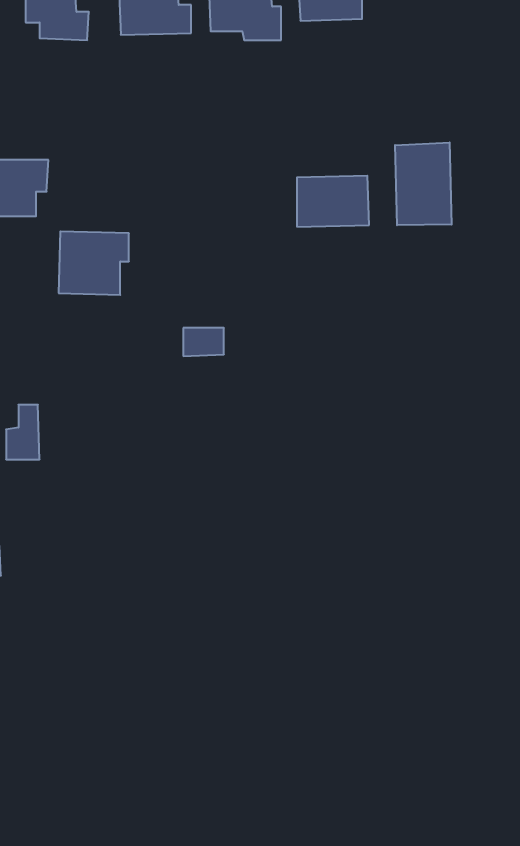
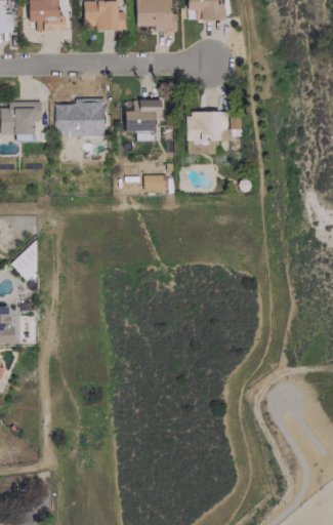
building: [395,142,452,225] -> none
building: none -> [125,99,162,133]
building: [59,231,129,295] -> [64,99,105,136]
building: [183,328,224,356] -> [143,175,167,192]

